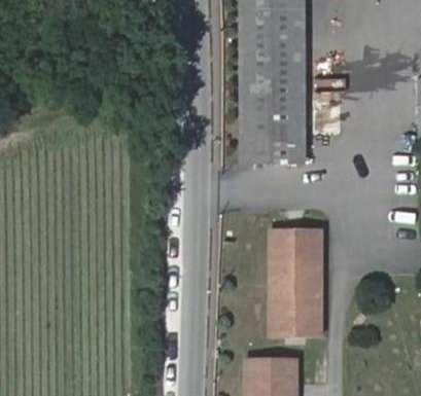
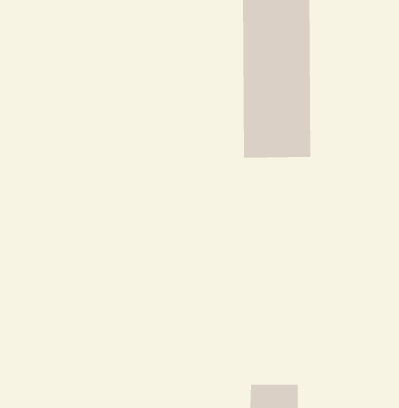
building: [270,225,323,333] -> none

